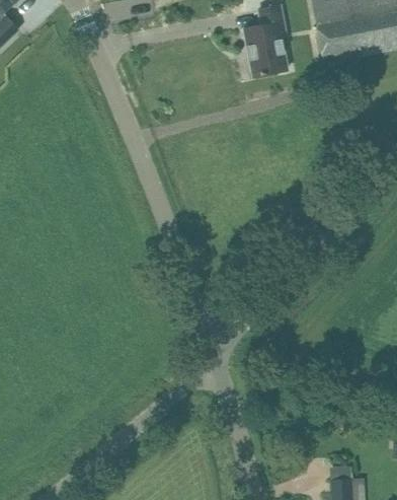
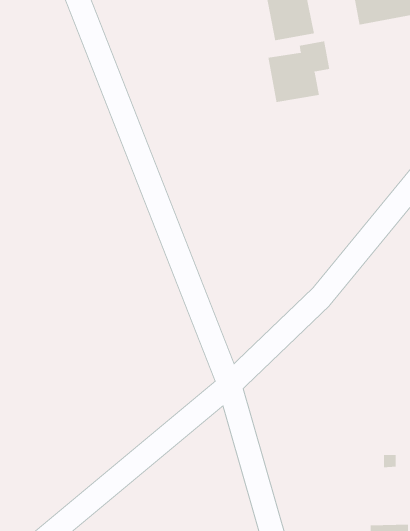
building: none -> [268,40,330,103]

